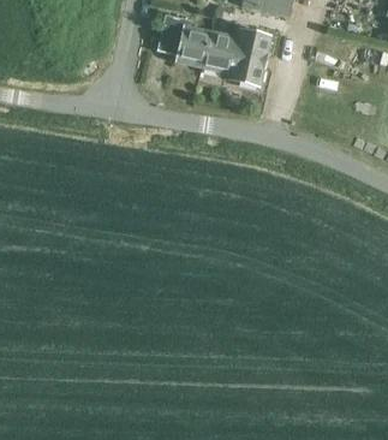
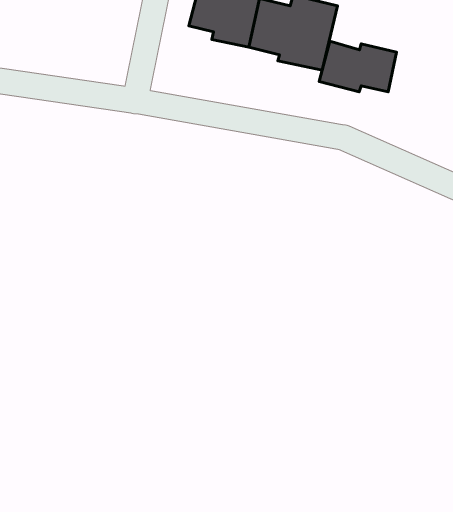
building: none -> [319,41,396,92]

